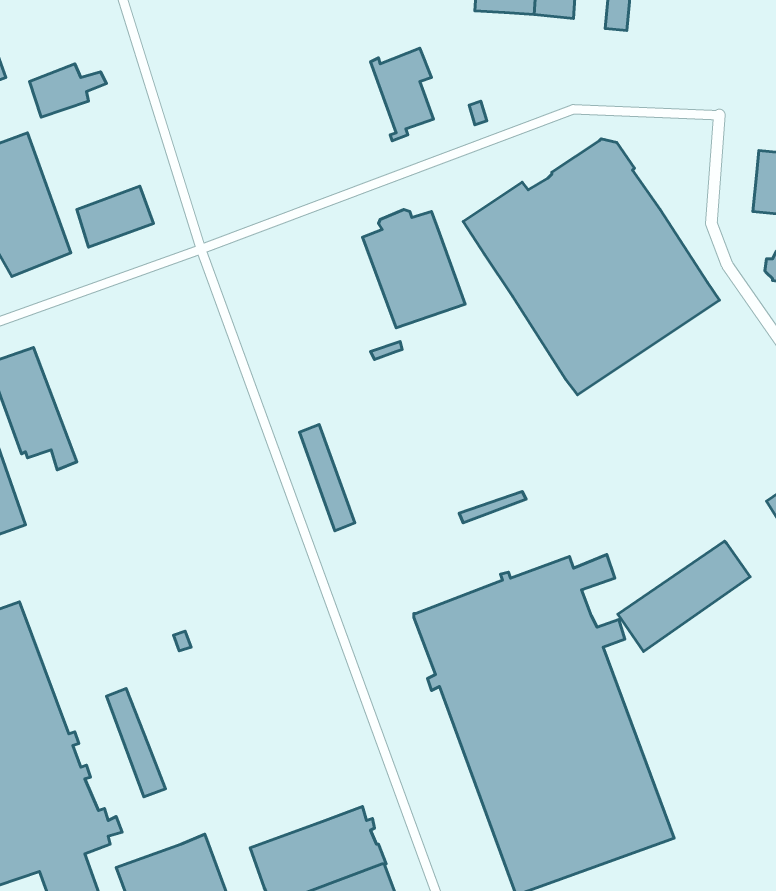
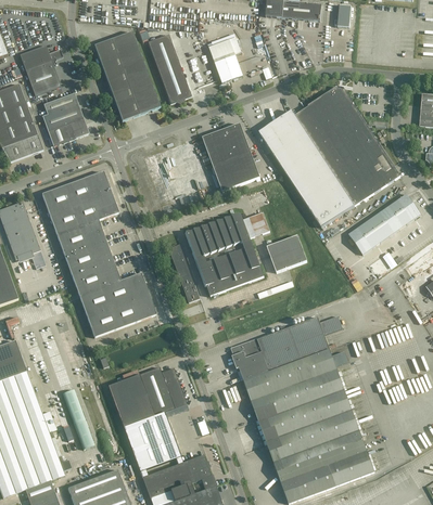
building: none -> [94,30,161,120]
building: none -> [148,34,191,103]
building: none -> [27,65,61,94]
building: none -> [42,92,81,125]
building: none -> [42,170,156,336]
building: none -> [188,211,270,295]
building: none -> [267,234,307,271]
building: [618,541,750,652] -> [348,193,421,254]
building: none -> [109,366,187,476]

